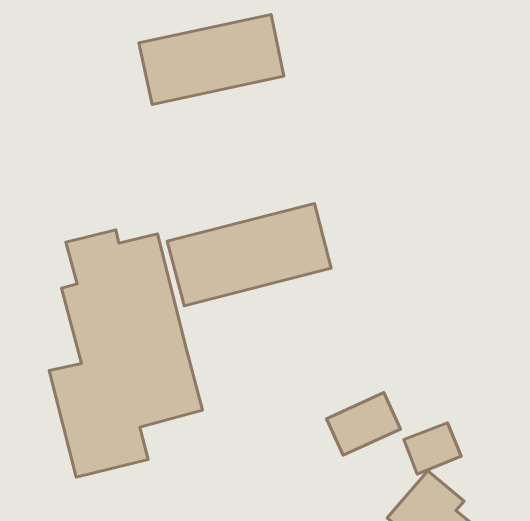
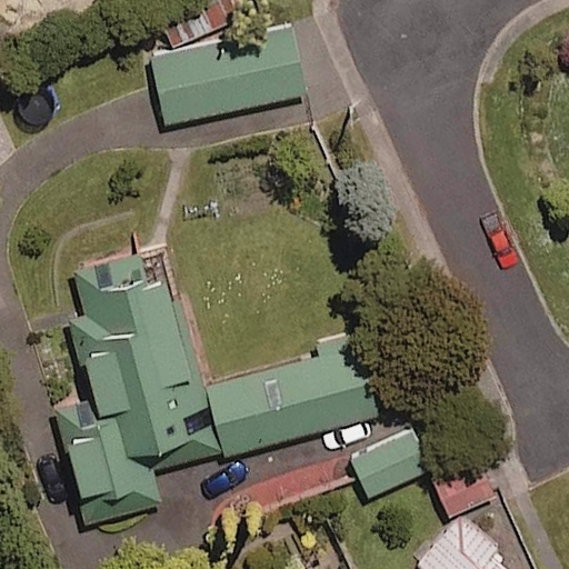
building: [167,204,331,306] -> [202,347,377,456]

